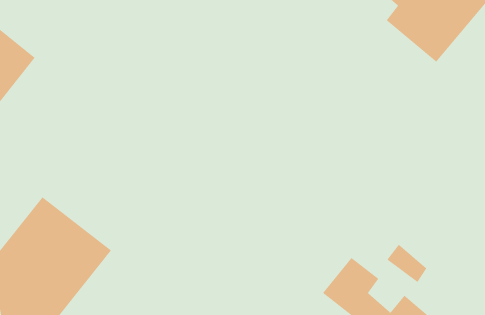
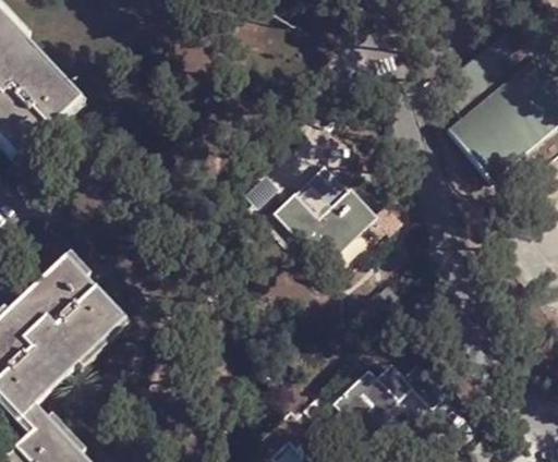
building: none -> [281,163,377,263]

